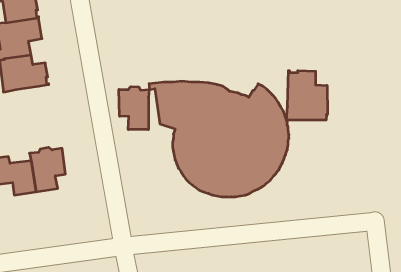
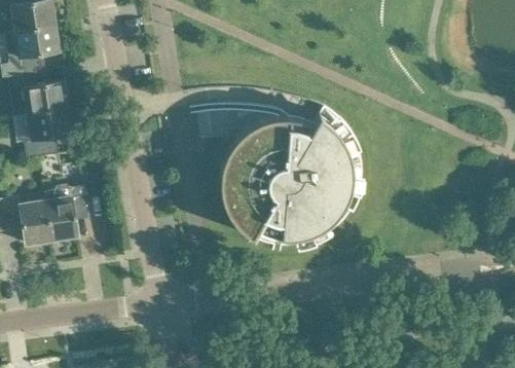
building: [287,71,327,120] -> none
building: none -> [22,108,71,159]
building: [119,87,149,130] -> none

